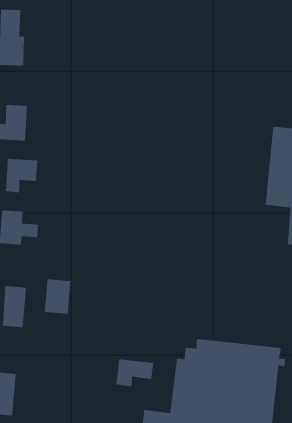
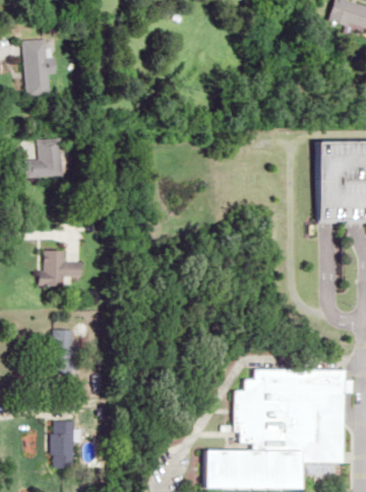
building: [6,158,38,193] -> none
building: [44,278,71,315] -> none
building: [116,359,154,387] -> none

